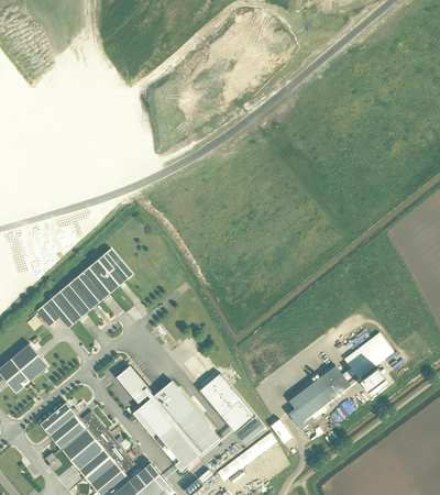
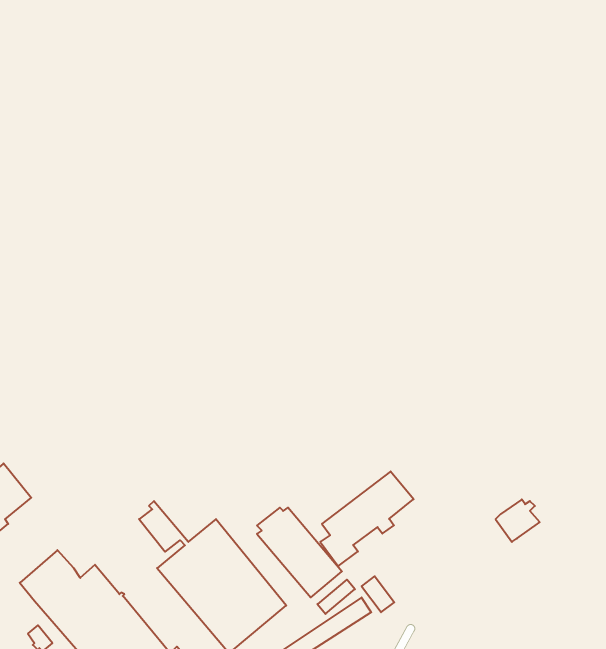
building: [36,249,132,328] -> none
building: [343,332,393,378] -> none
building: [287,365,350,429] -> [320,471,414,566]

